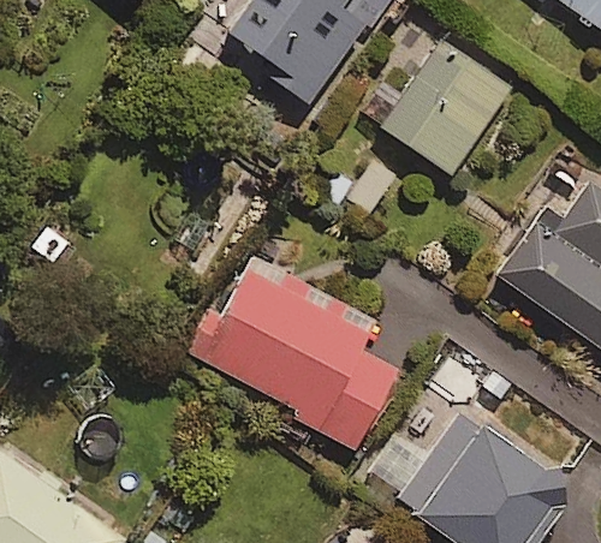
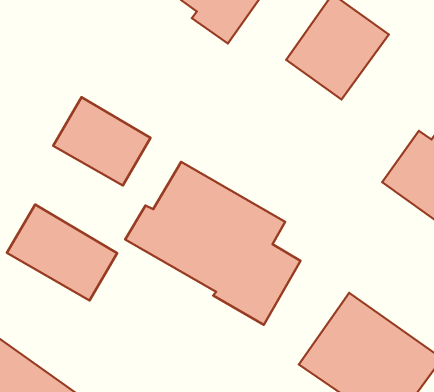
building: none -> [53,97,151,186]
building: none -> [7,204,117,300]

